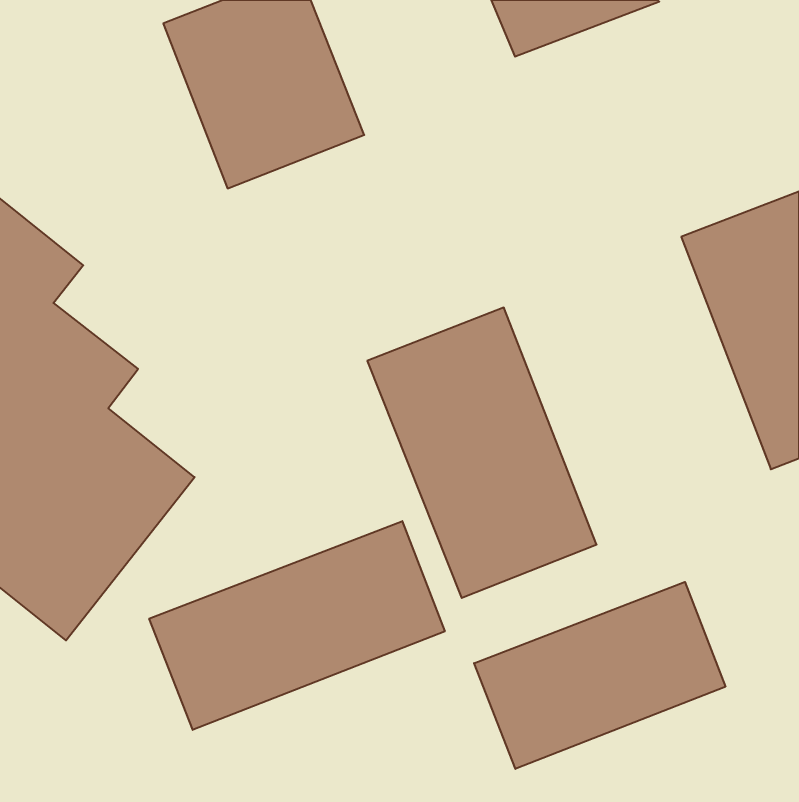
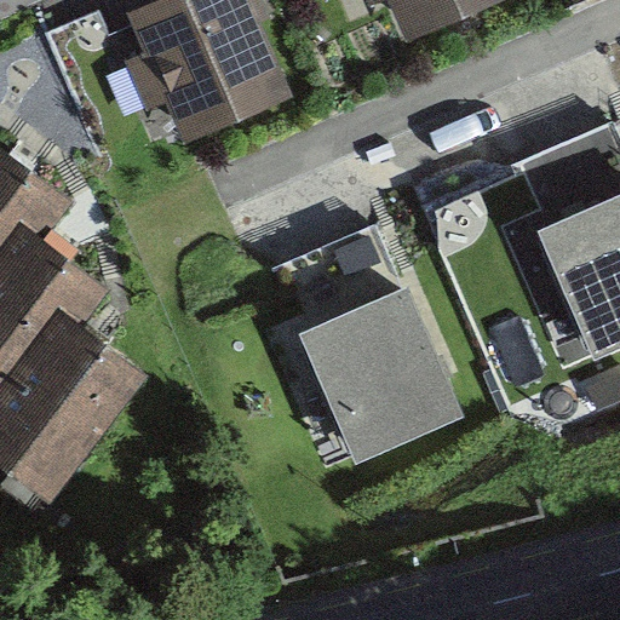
building: [149,521,445,730] -> none
building: [474,582,725,769] -> none

